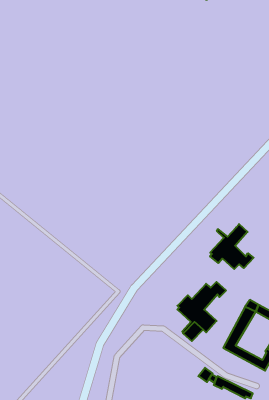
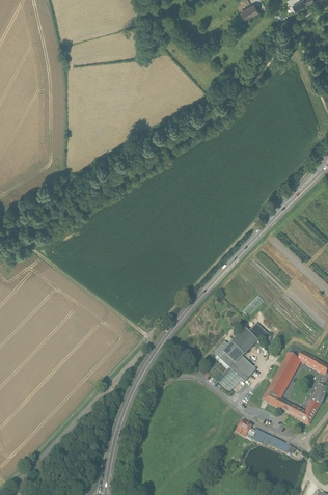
building: [210,224,254,269] -> none

